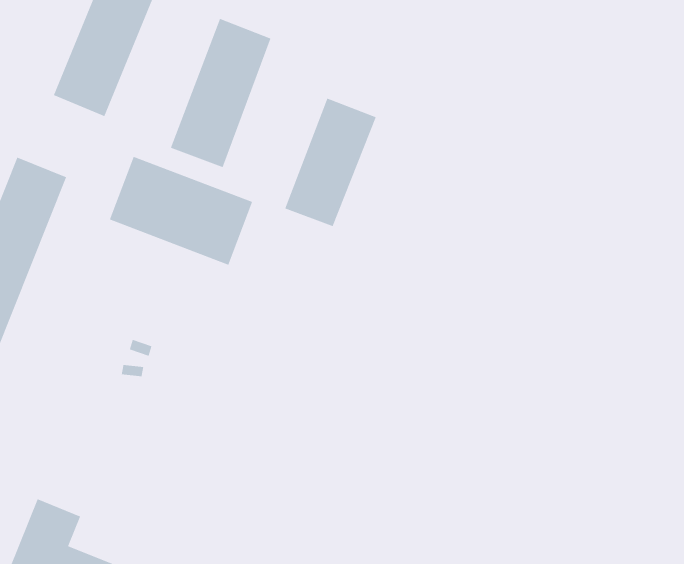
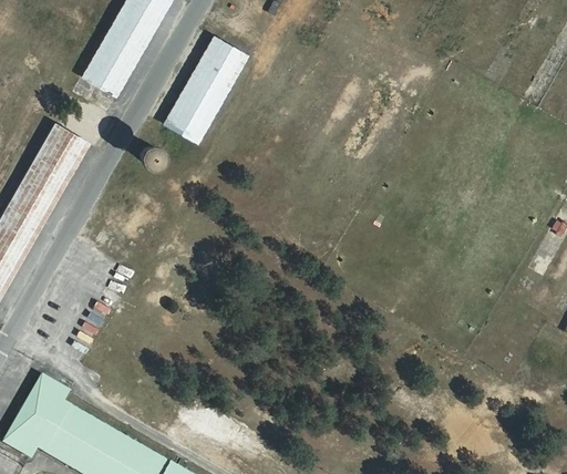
building: [284,97,377,227] -> none
building: [109,156,253,266] -> none

